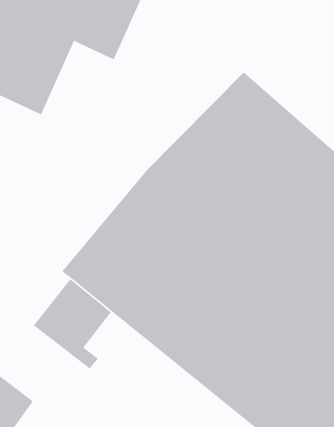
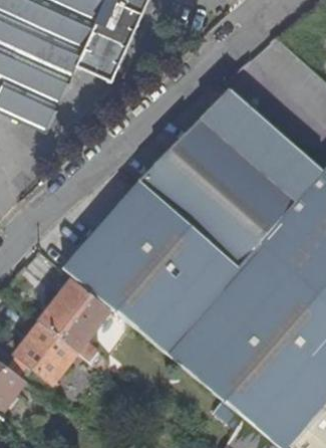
building: none -> [13,320,76,383]

